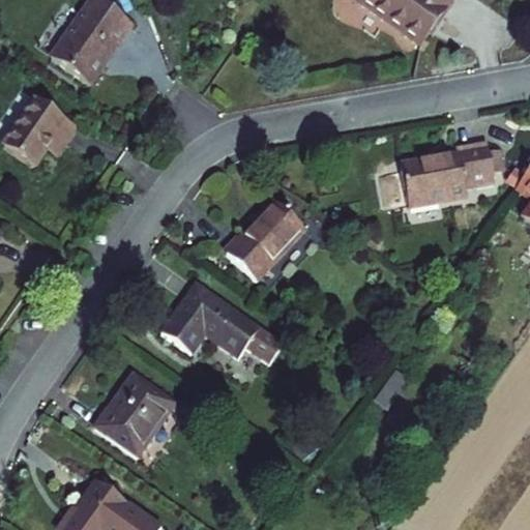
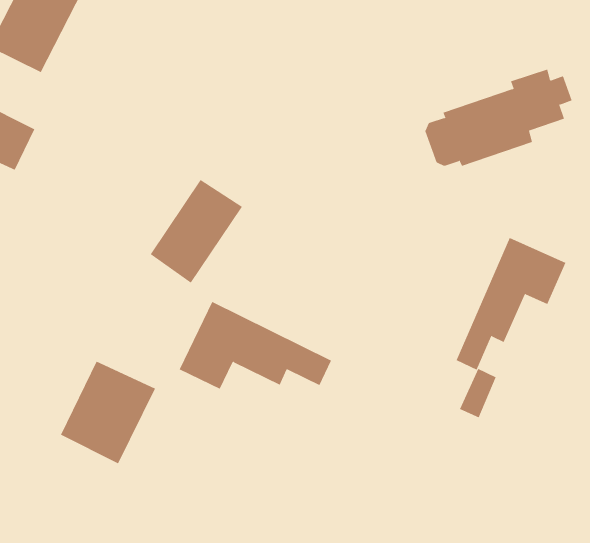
building: [227,200,305,281] -> [150,179,243,283]
building: none -> [456,237,566,370]
building: [95,373,176,457] -> [60,361,156,464]

